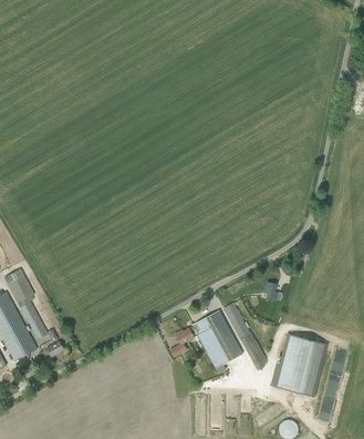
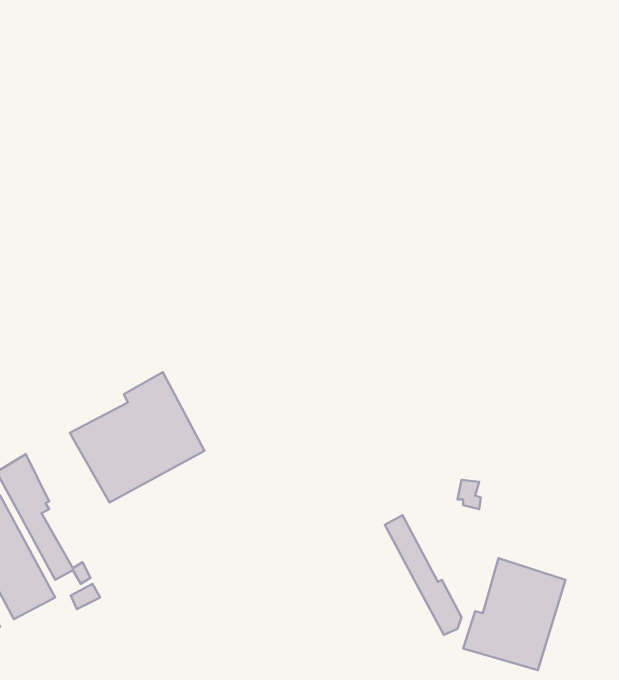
building: none -> [70,372,204,503]
building: [170,312,242,370] -> none

